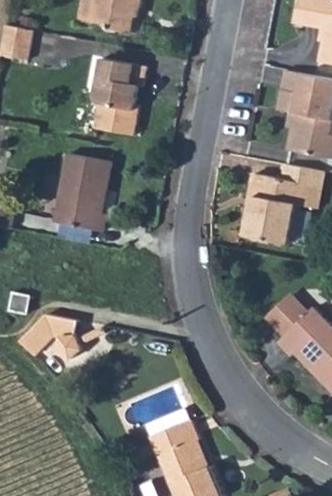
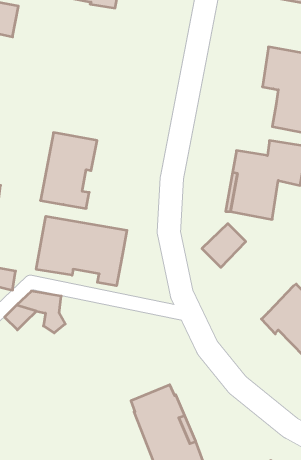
building: [91,57,144,134] -> none
building: none -> [36,216,127,286]
building: [264,292,308,336] -> [202,224,246,267]

